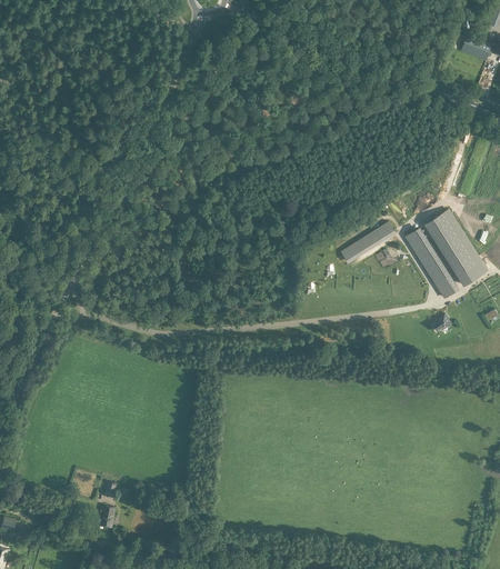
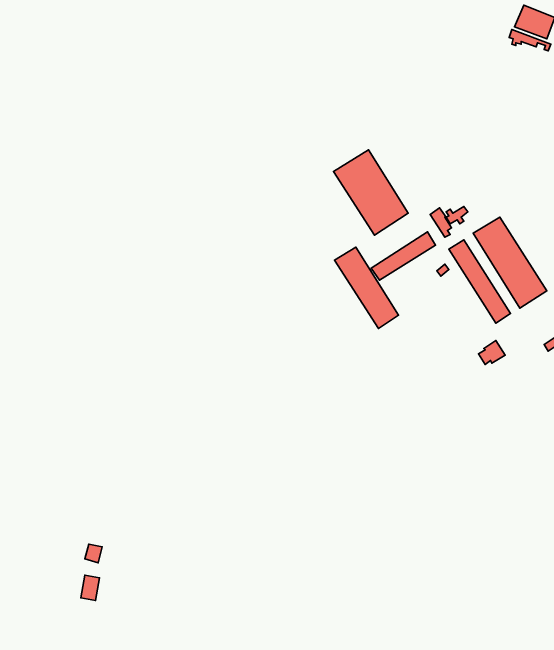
building: none -> [334,150,408,235]
building: none -> [334,247,399,329]

